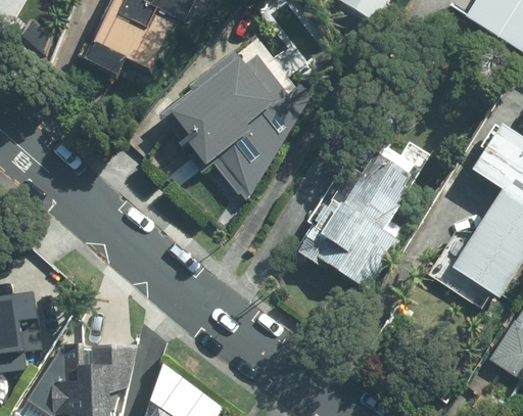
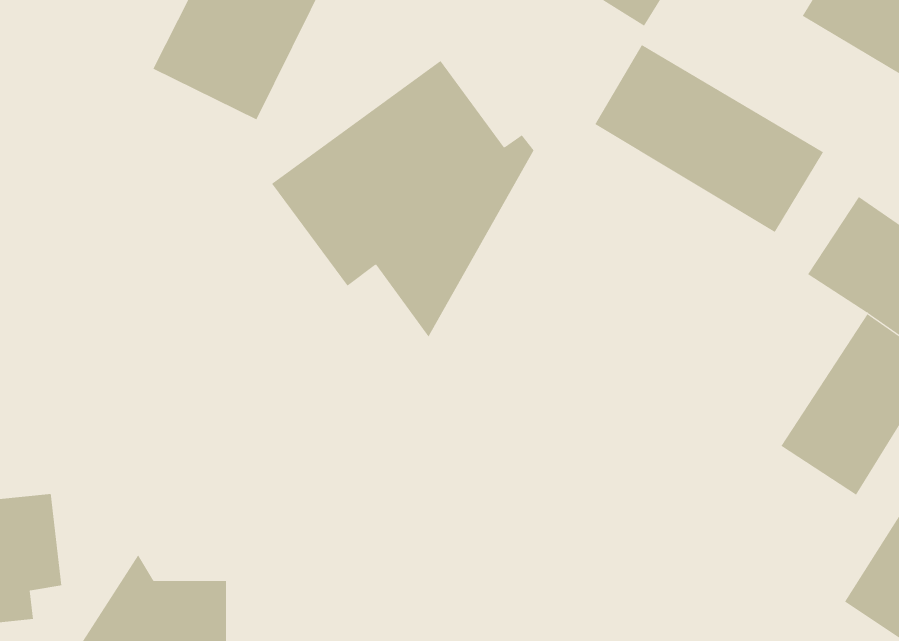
building: none -> [594,44,824,233]
building: [292,124,428,297] -> none

